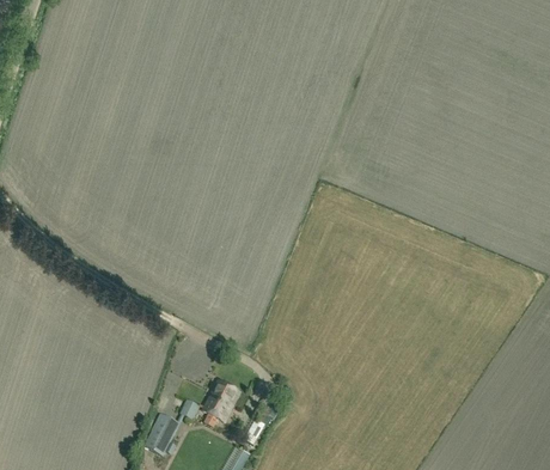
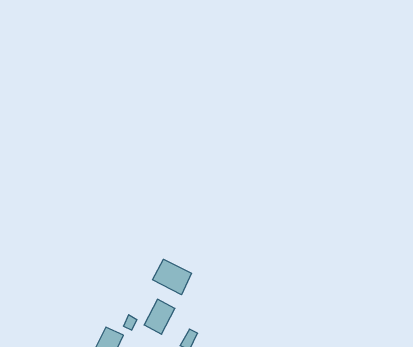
building: none -> [153,259,192,295]

